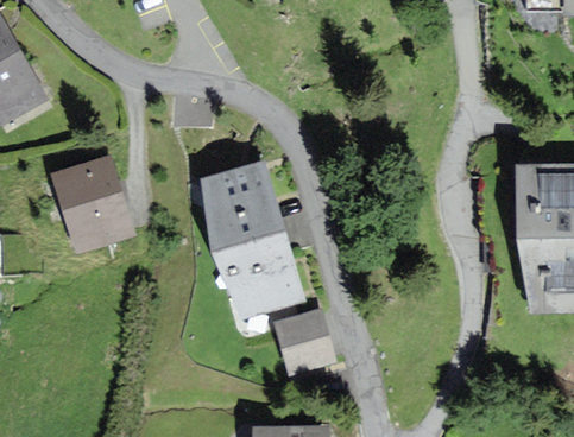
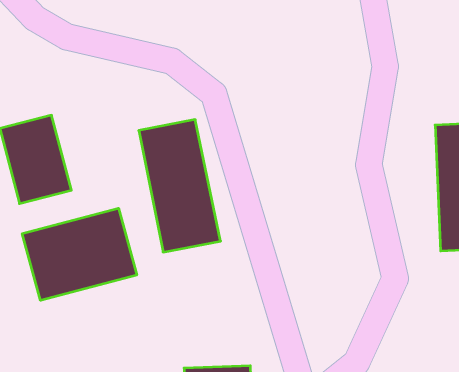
building: none -> [22,208,137,300]
building: [275,306,338,372] -> none

